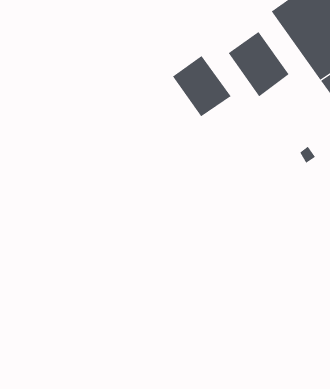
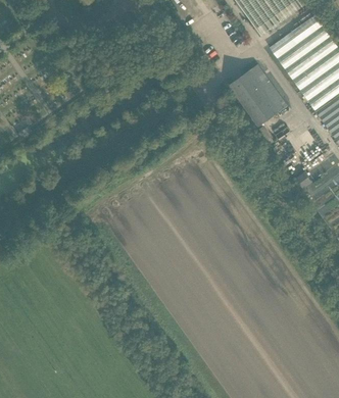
building: [172,55,231,117] -> none

